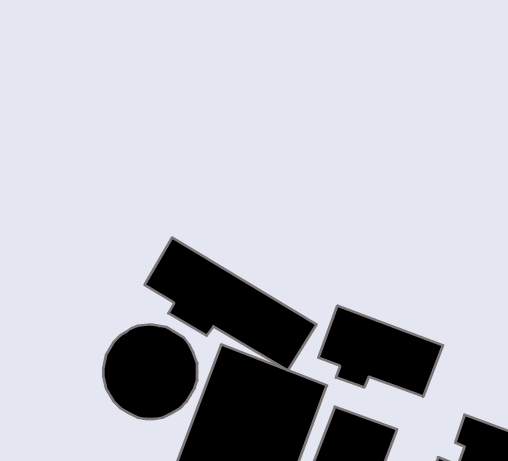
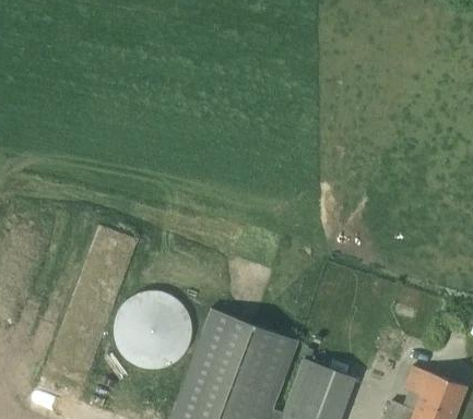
building: [145,238,316,370] -> none
building: [318,306,443,397] -> none

